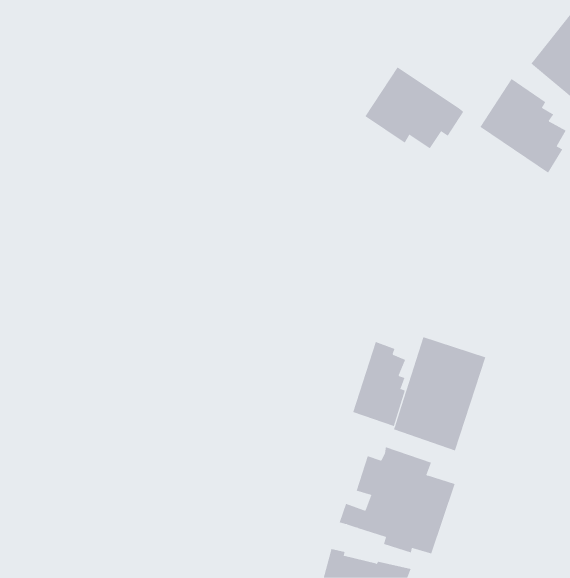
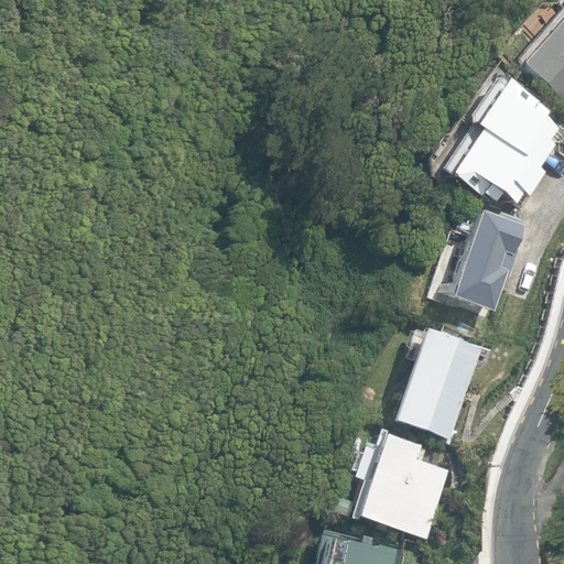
building: [364,66,464,149] -> [449,128,546,208]
building: none -> [443,210,524,310]
building: [353,341,406,427] -> none

